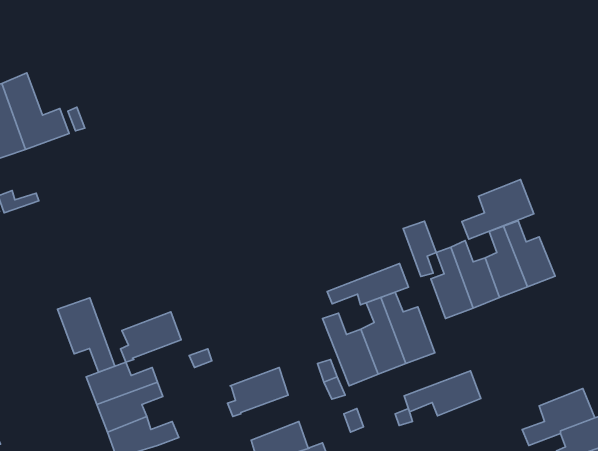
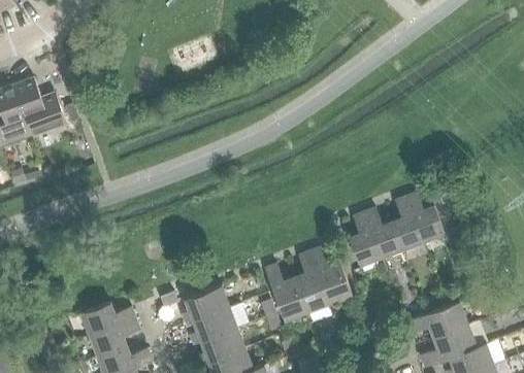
building: [462,179,534,239] -> none
building: [403,221,436,277] -> none
building: [327,264,408,305] -> none
building: [58,298,115,372] -> none
building: [121,312,181,362] -> [183,283,230,323]
building: [404,371,481,416] -> [407,300,467,335]
building: none -> [198,327,245,364]

